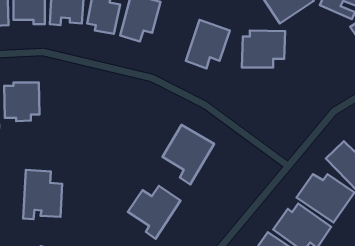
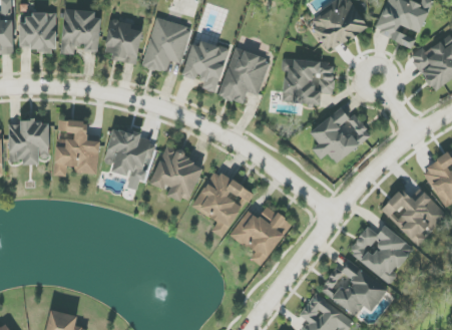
building: none -> [181,39,228,91]
building: none -> [309,109,371,160]
building: none -> [103,126,156,189]
building: none -> [149,146,204,203]
building: [23,170,62,219] -> [54,118,99,176]
building: [128,186,180,239] -> [230,205,291,266]

